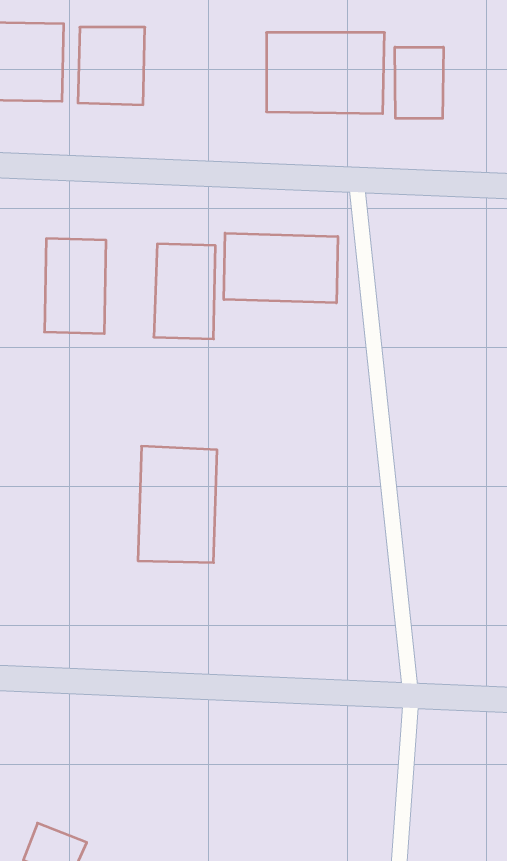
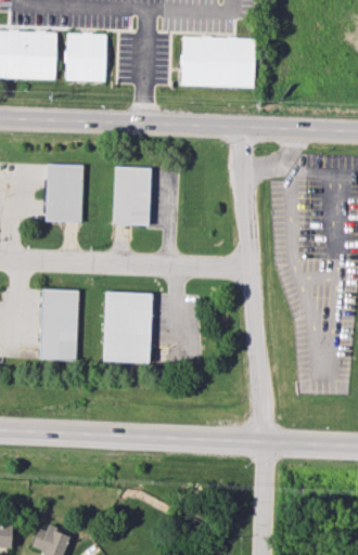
building: [395,47,443,118] -> none
building: [224,233,338,303] -> none
building: none -> [40,289,78,360]

